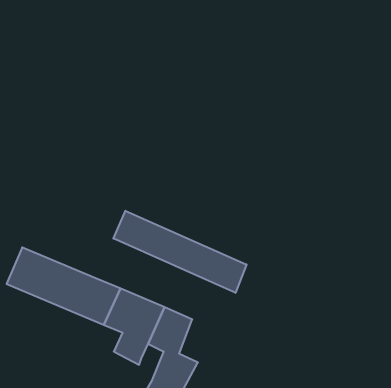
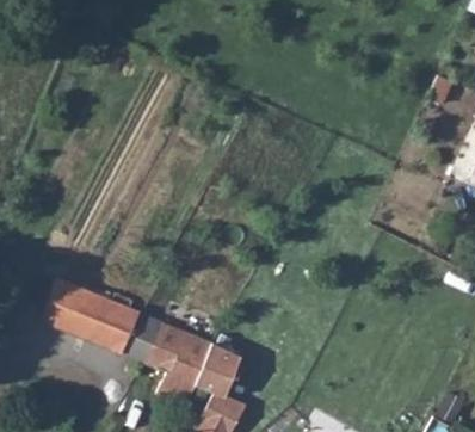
building: [113,211,247,293] -> none

